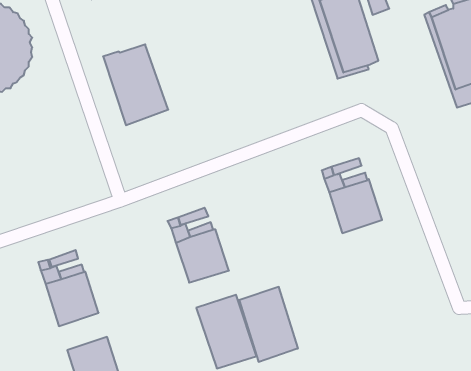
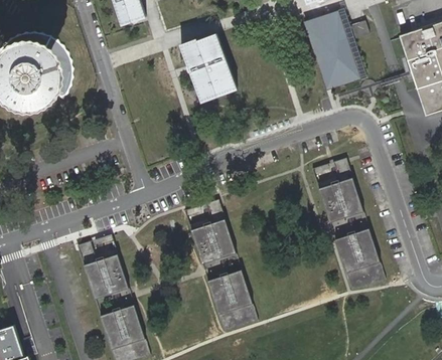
building: [103,44,168,125] -> [180,36,235,104]
building: [239,287,298,362] -> [337,230,387,293]

